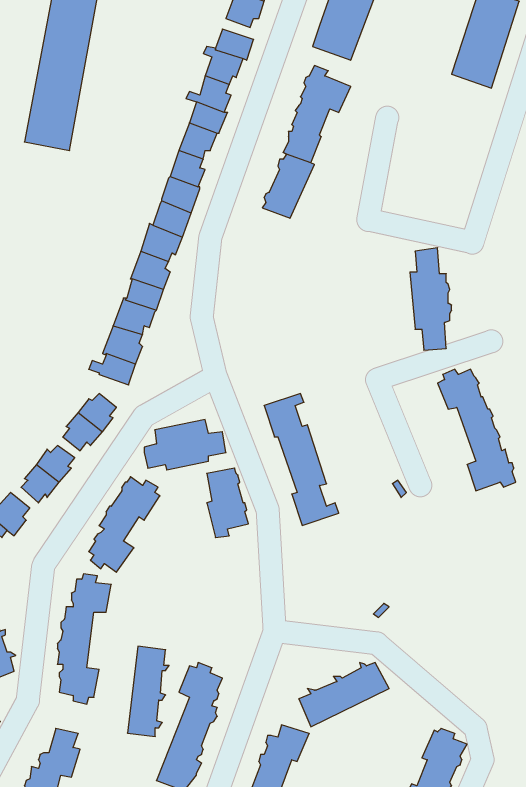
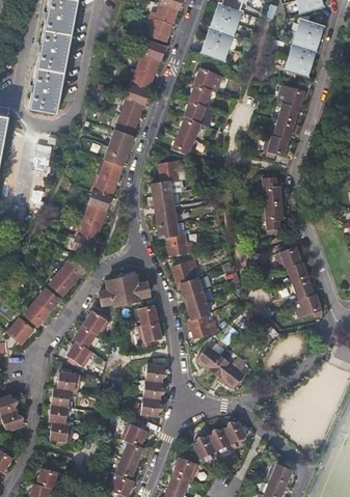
building: none -> [265,84,306,157]
building: none -> [152,160,193,255]
building: none -> [197,340,248,388]
building: [127,646,169,736] -> [142,362,167,416]

